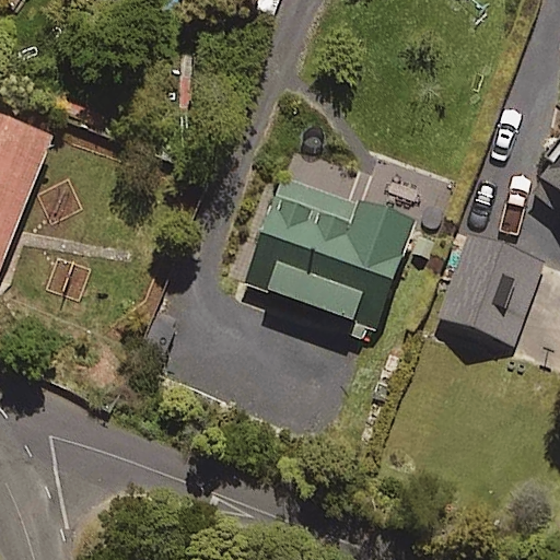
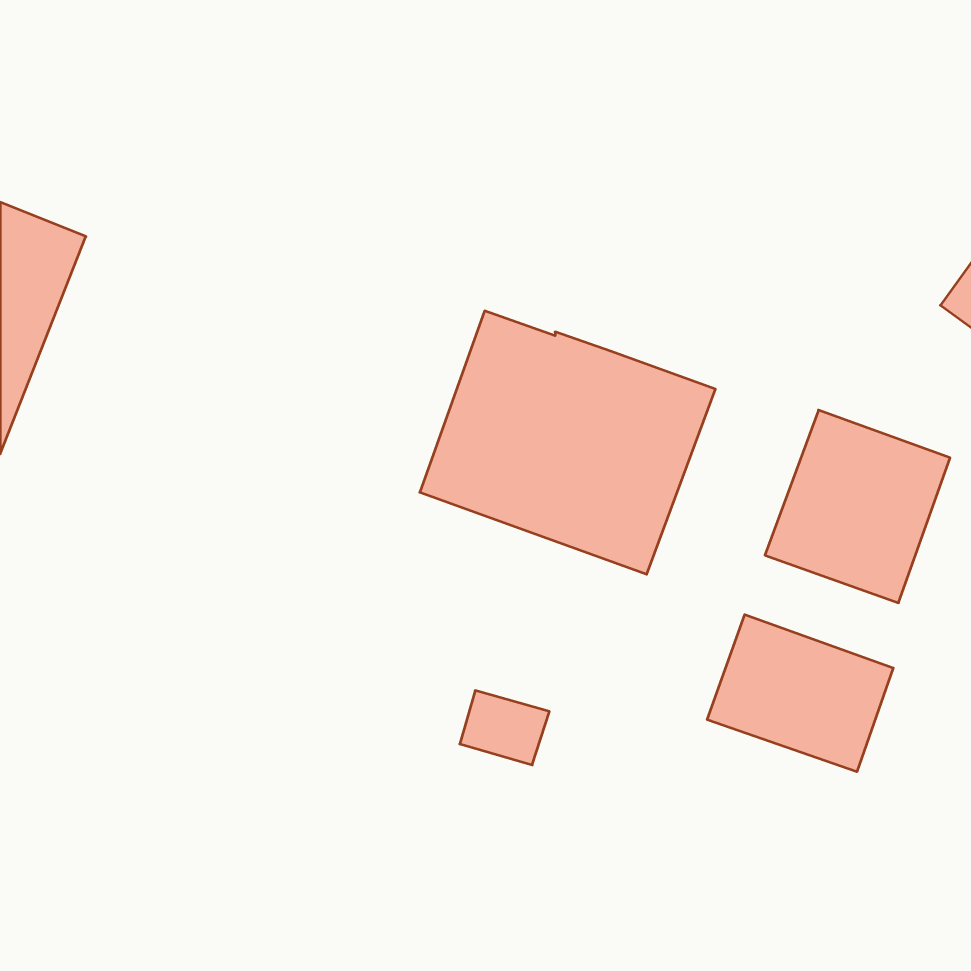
building: none -> [707,615,893,772]

